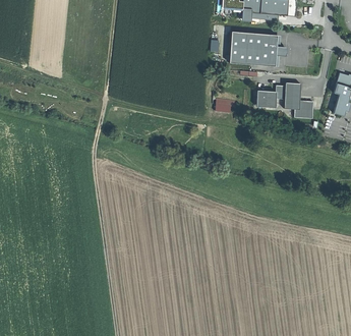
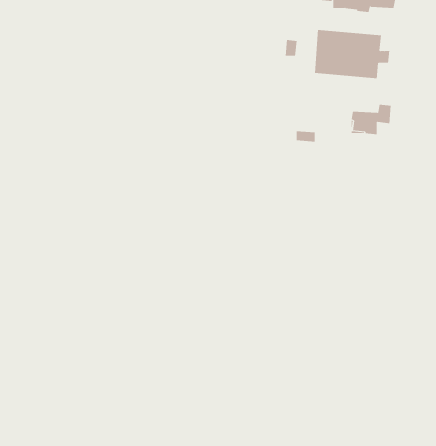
building: [283,82,312,117] -> none

